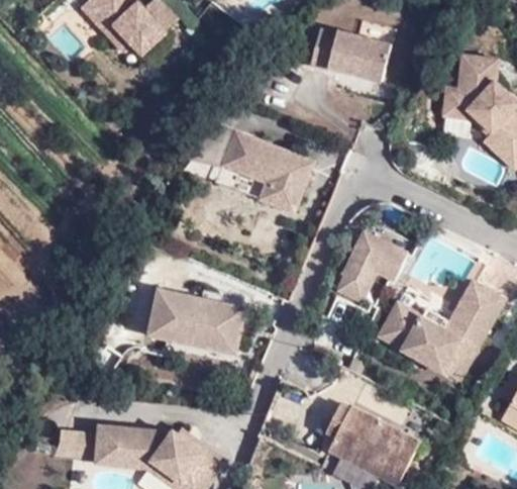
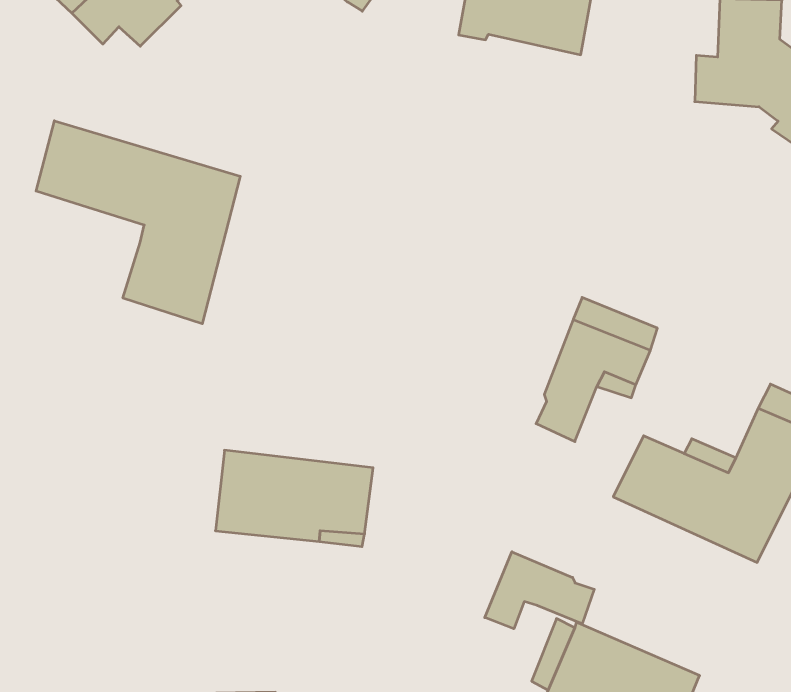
building: none -> [36,121,240,324]
building: [192,122,313,210] -> none
building: none -> [485,552,594,629]

